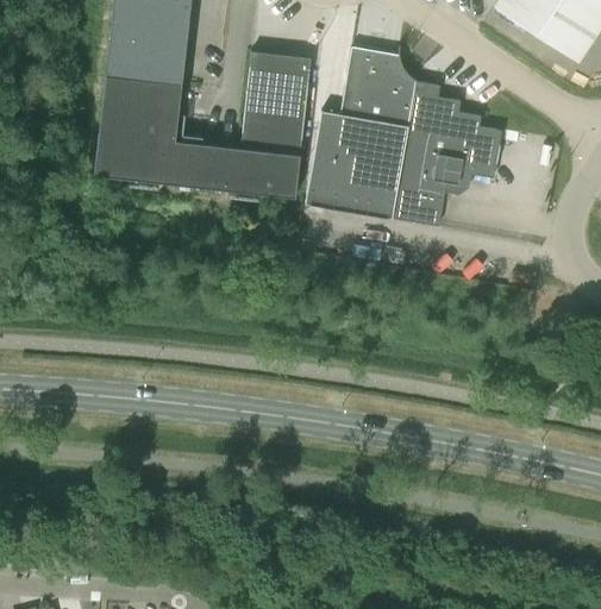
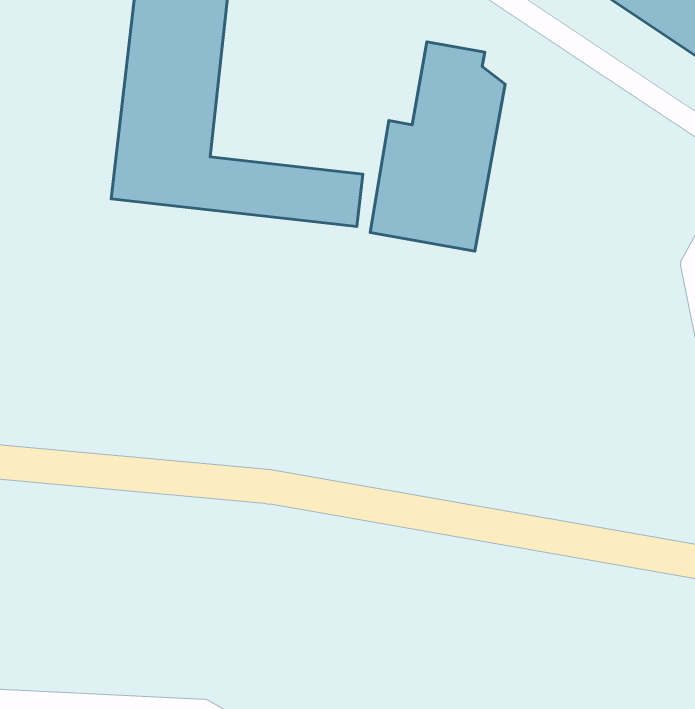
building: [242,51,312,155] -> none
building: [392,81,502,226] -> none

